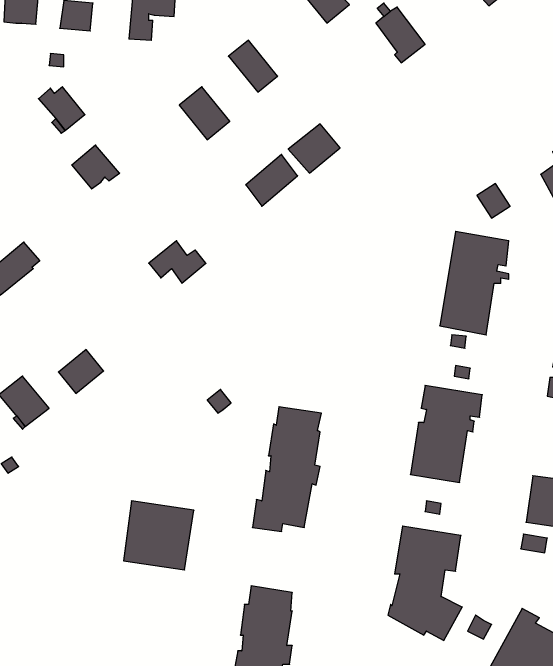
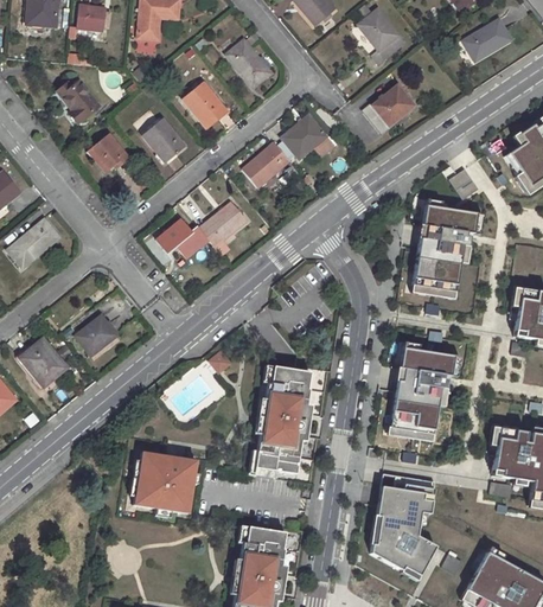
building: none -> [464,19,511,59]
building: none -> [363,84,415,133]
building: none -> [143,119,185,162]
building: none -> [199,202,248,253]

